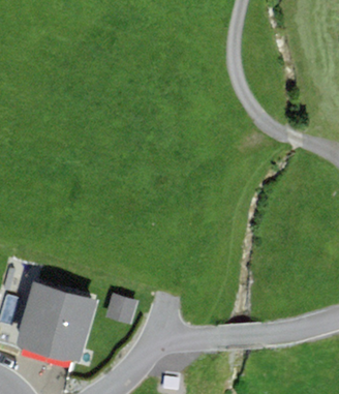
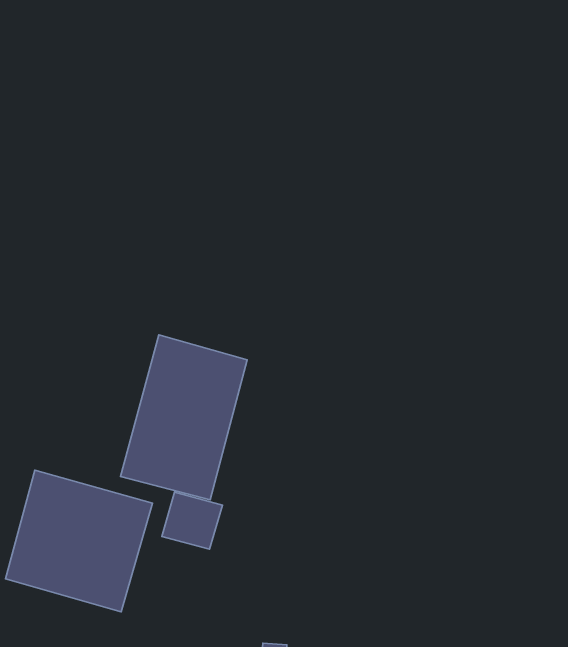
building: none -> [121,335,247,500]

